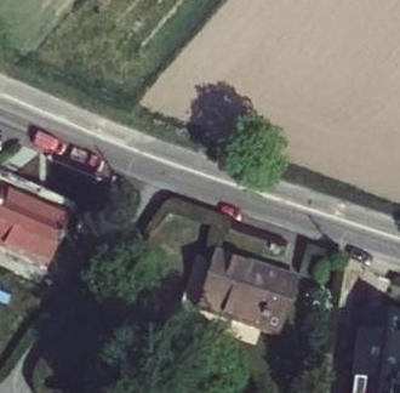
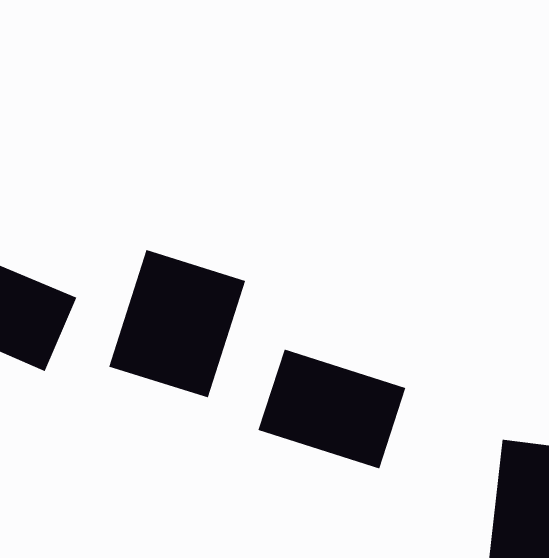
building: none -> [109,249,246,398]

